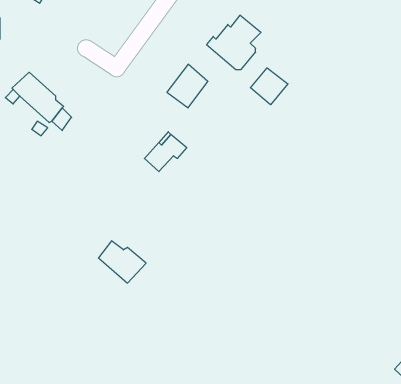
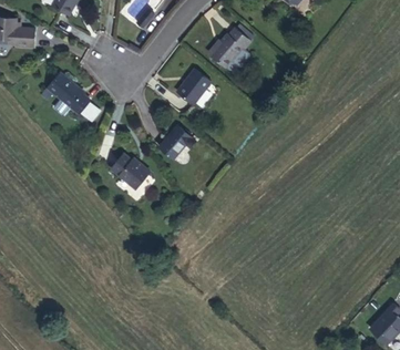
building: [250,68,288,105] -> none
building: [98,241,146,283] -> [112,153,152,188]

